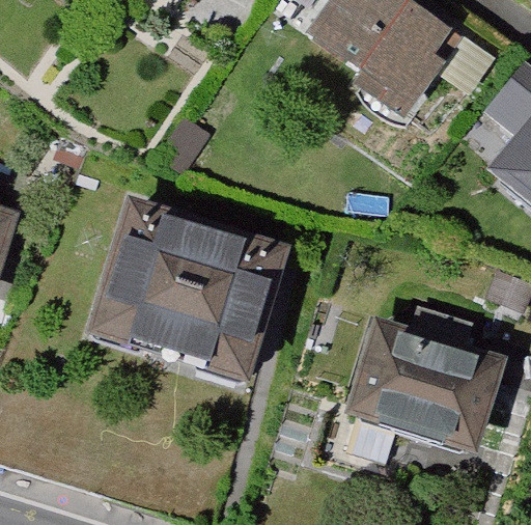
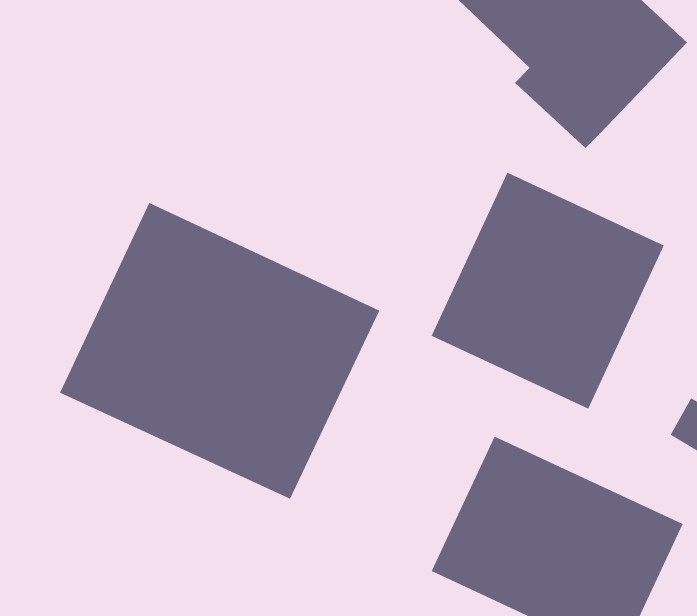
building: none -> [431,172,665,409]

